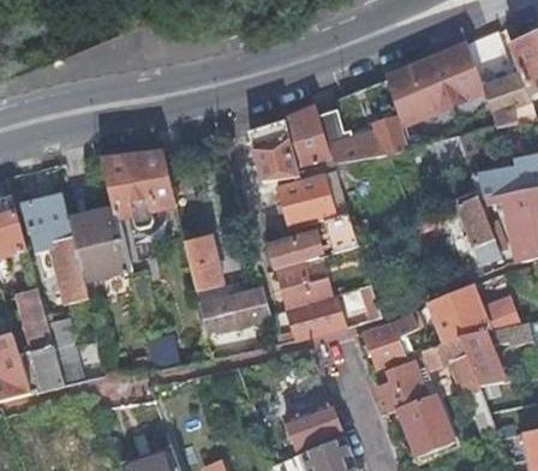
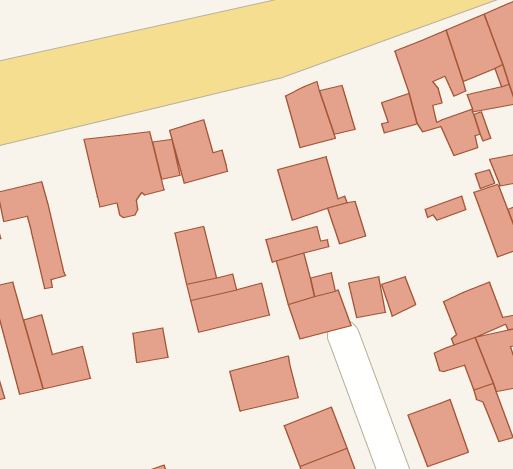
building: [247,124,300,181] -> [170,120,228,183]
building: [70,209,128,279] -> none
building: [364,314,419,369] -> none
building: none -> [230,356,298,411]
building: [377,364,428,413] -> none

